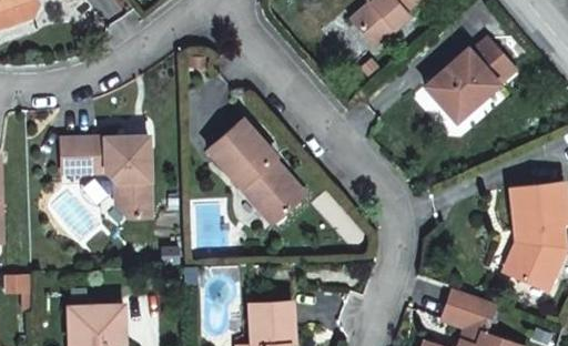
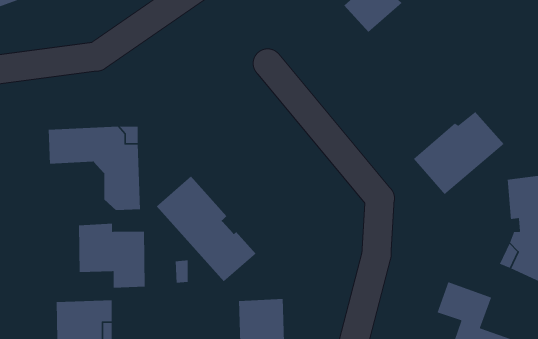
building: [426,37,516,119] -> [413,111,505,195]
building: [207,119,306,223] -> [156,175,257,282]
building: none -> [78,223,145,288]

